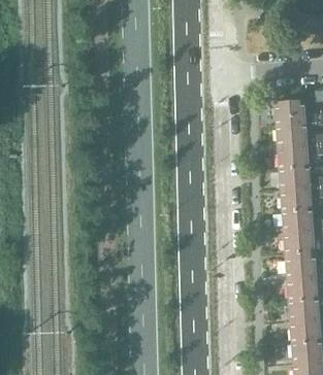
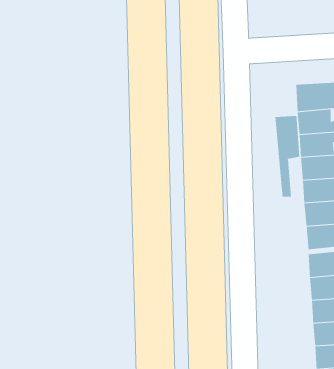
building: none -> [275,115,300,197]

